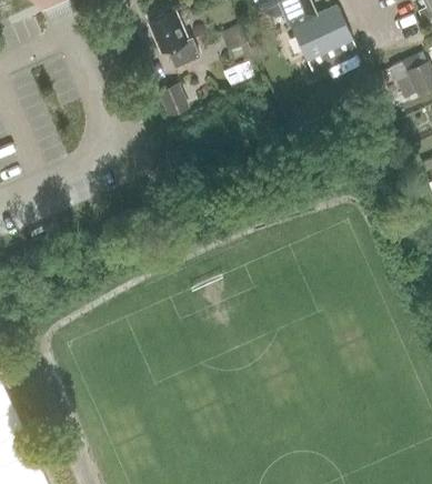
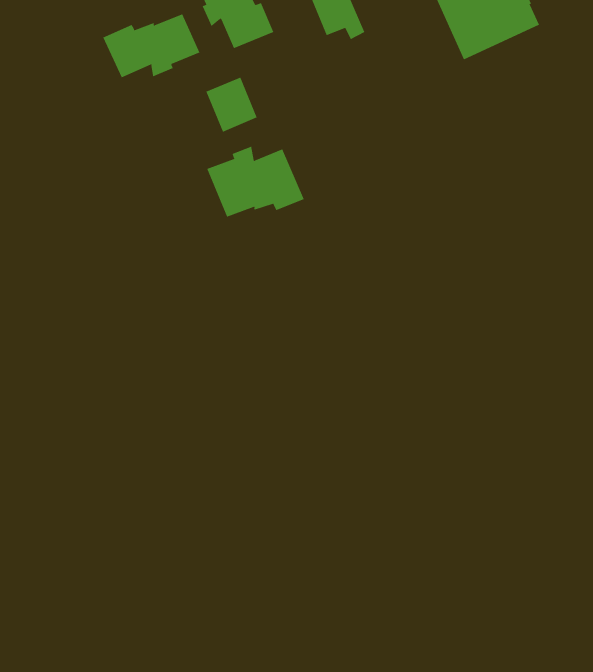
building: none -> [103,13,200,78]
building: none -> [206,146,304,217]

